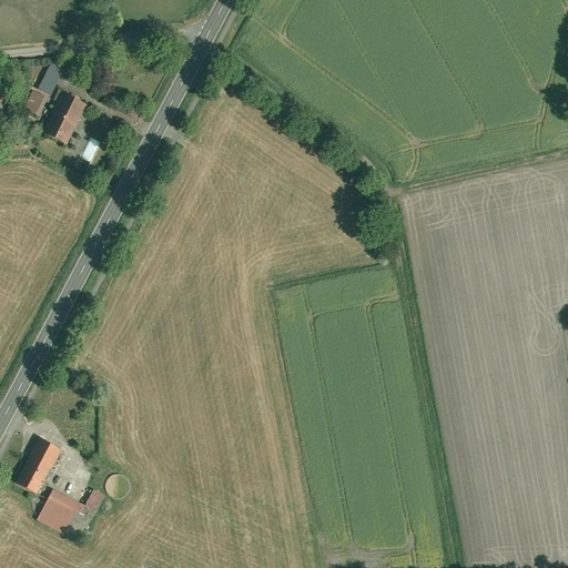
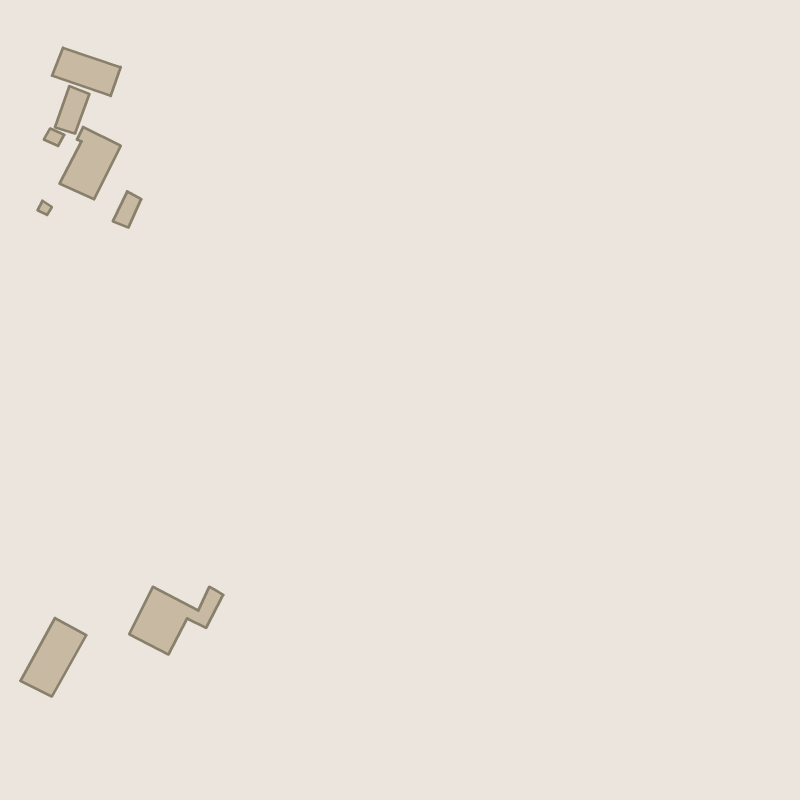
building: none -> [52,48,121,96]
building: [37,488,103,536] -> [129,587,223,654]

